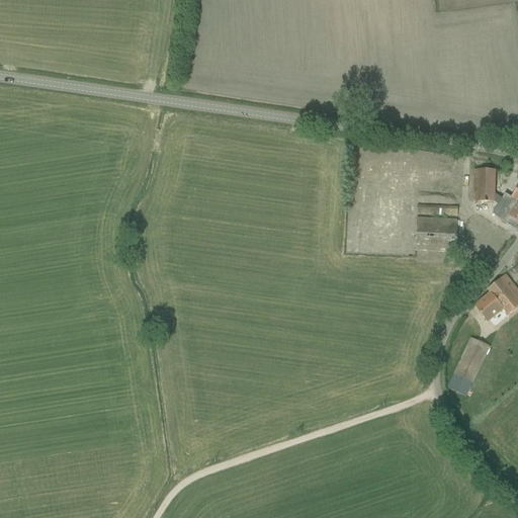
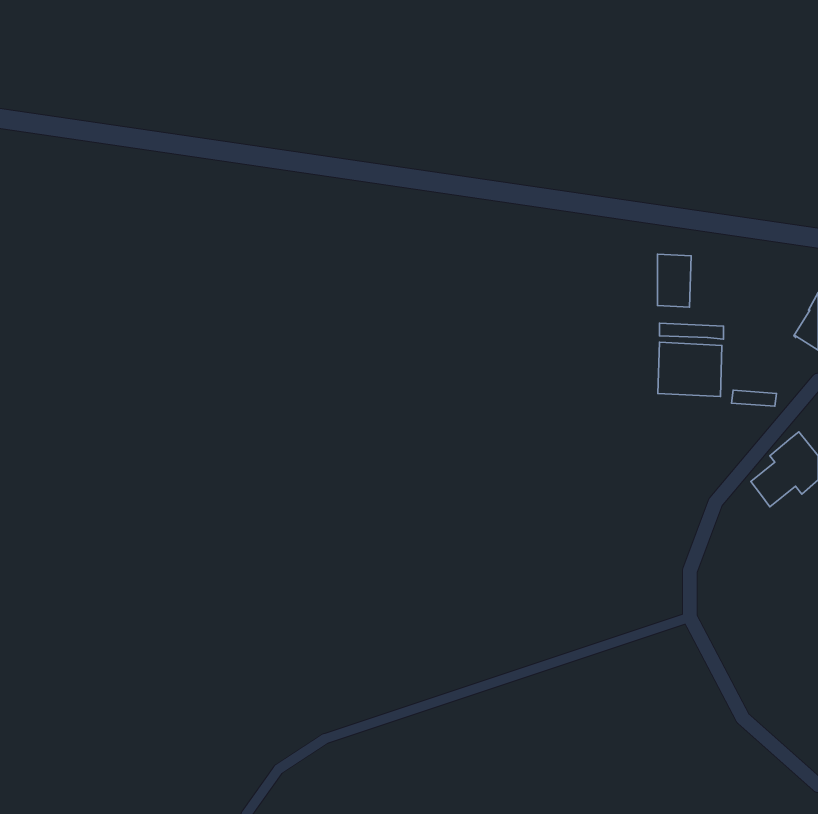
building: [473,168,495,201] -> [658,254,691,307]
building: [447,337,489,396] -> none

